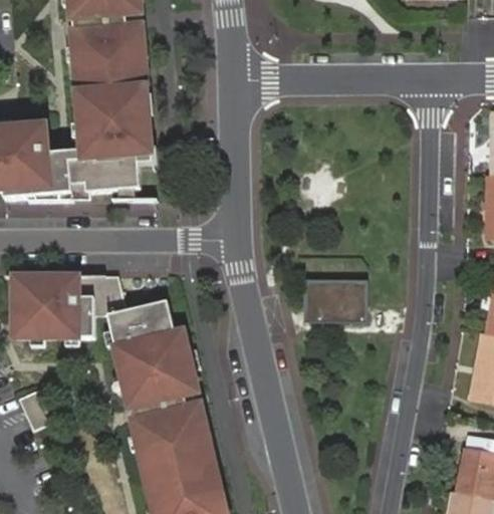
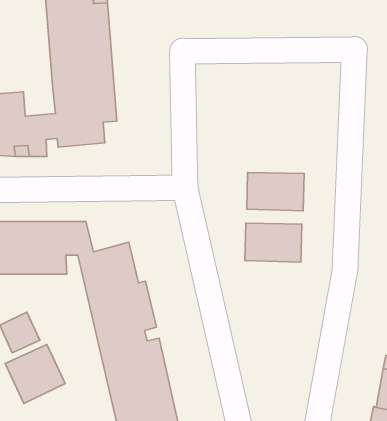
building: none -> [247,173,304,211]
building: none -> [5,344,65,403]

